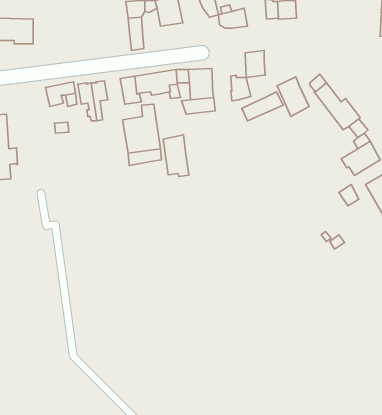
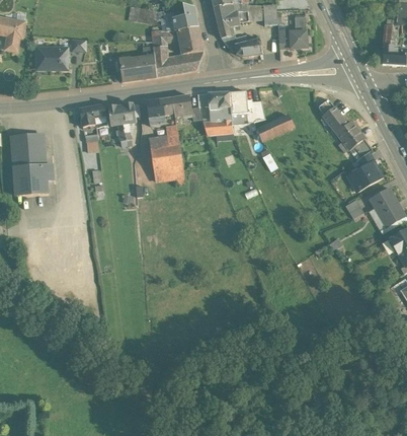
building: none -> [167,52,204,75]
building: none -> [119,58,157,82]
building: [245,51,265,77] -> [230,91,248,116]
building: [277,77,309,116] -> none
building: [163,135,189,177] -> none

